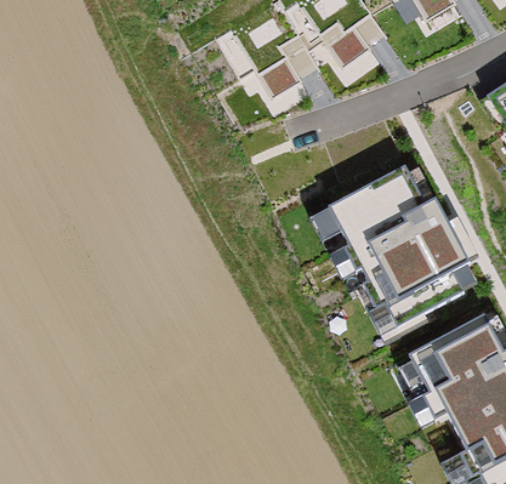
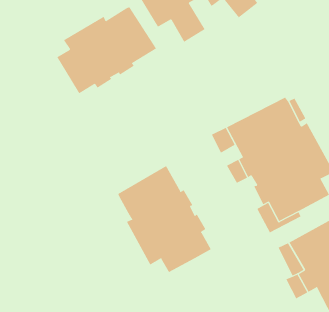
building: none -> [57,6,157,94]
building: none -> [118,165,211,273]

